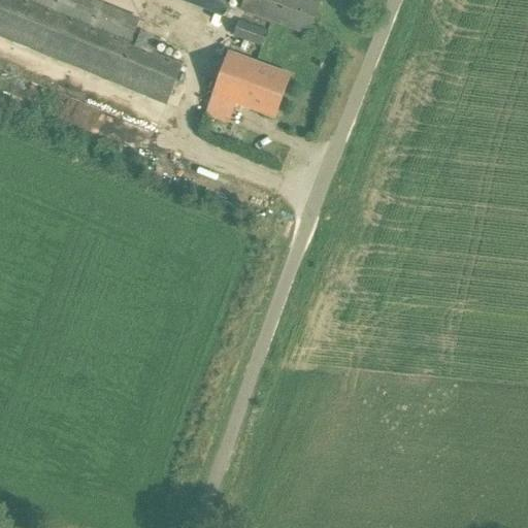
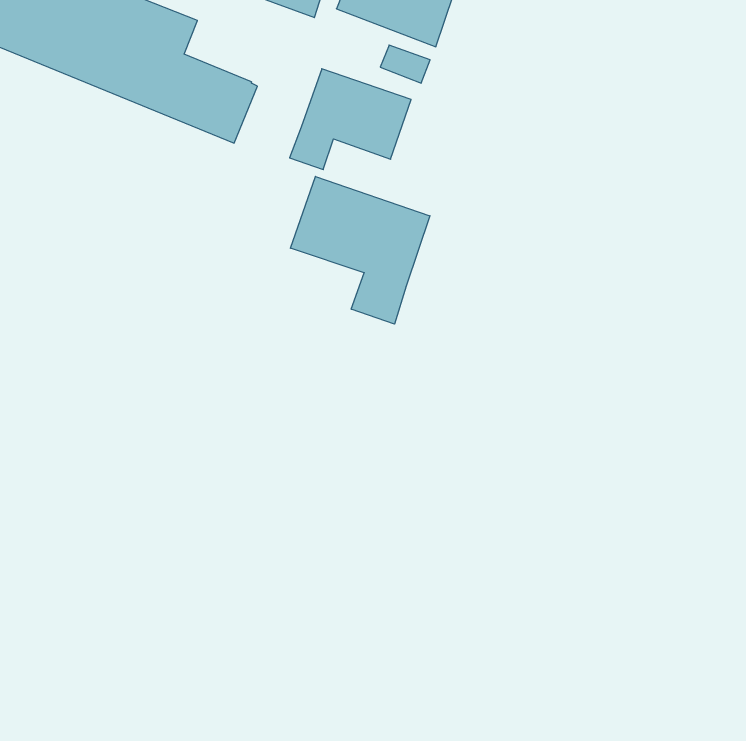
building: [232,16,267,43] -> [380,45,430,83]
building: none -> [290,176,430,324]

